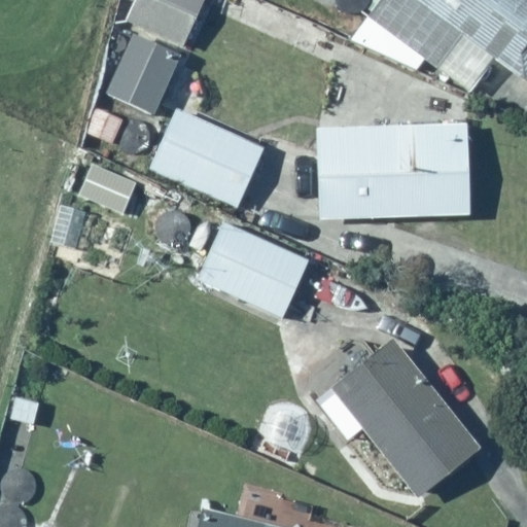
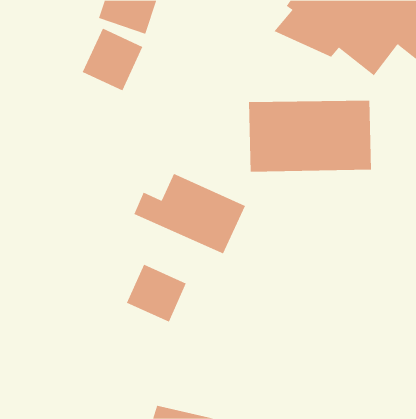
building: [149,108,269,209] -> none
building: [316,325,481,494] -> none
building: none -> [126,264,187,323]

